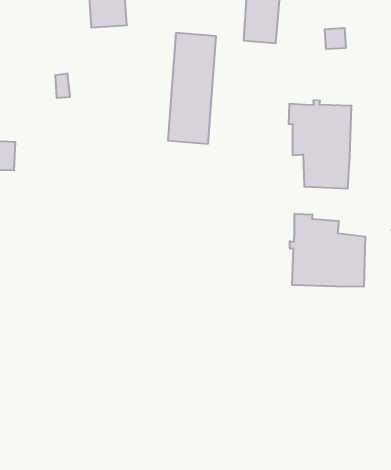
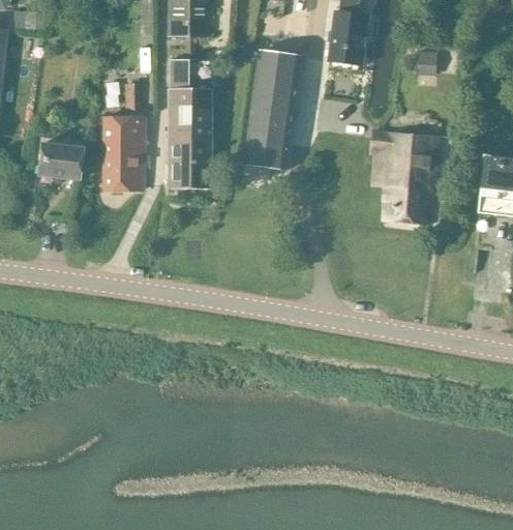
building: none -> [168,59,209,188]
building: none -> [103,117,144,189]
building: [290,214,365,287] -> none

